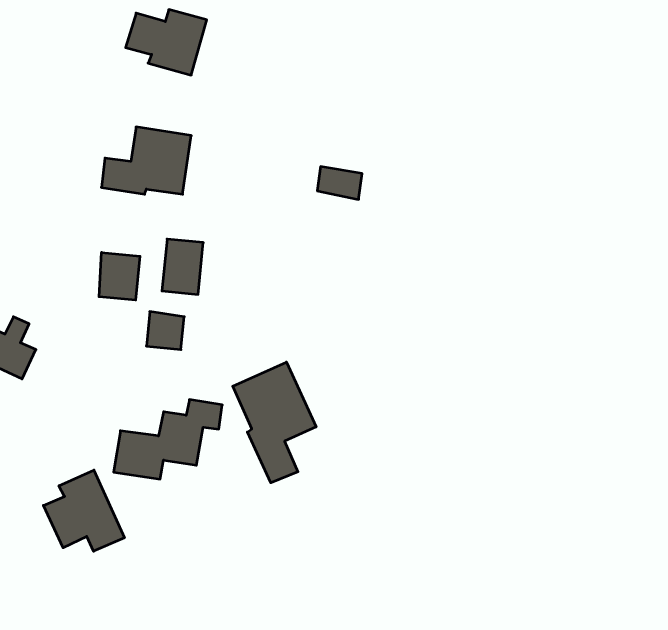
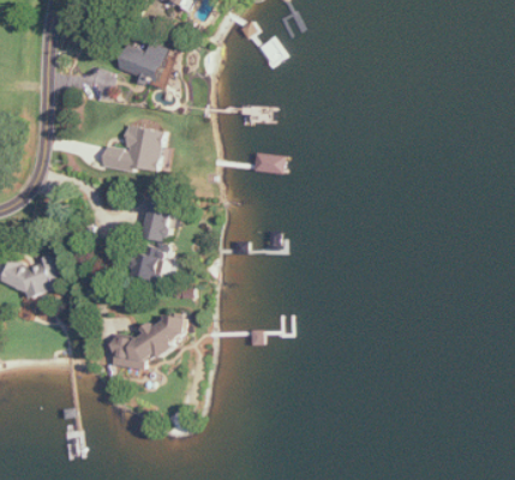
building: [99,252,140,300] -> none
building: [233,362,316,483] -> none
building: [43,470,124,551] -> none

